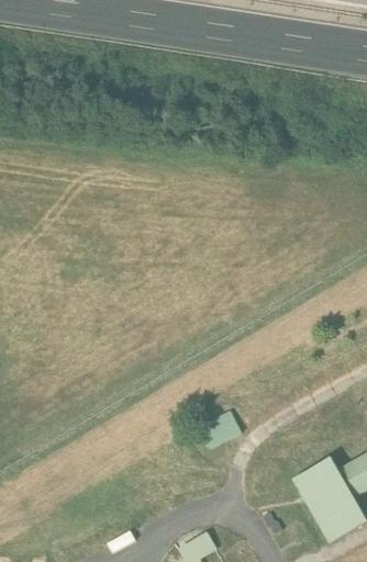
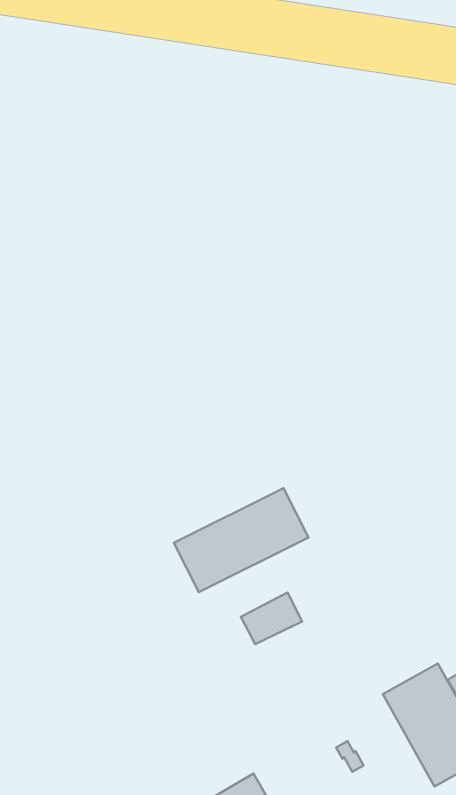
building: none -> [174,488,308,592]

